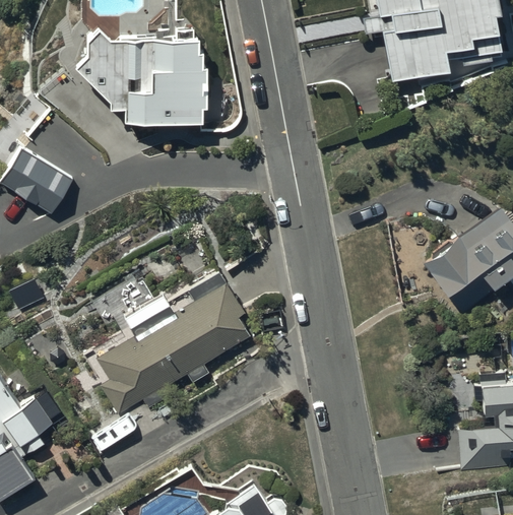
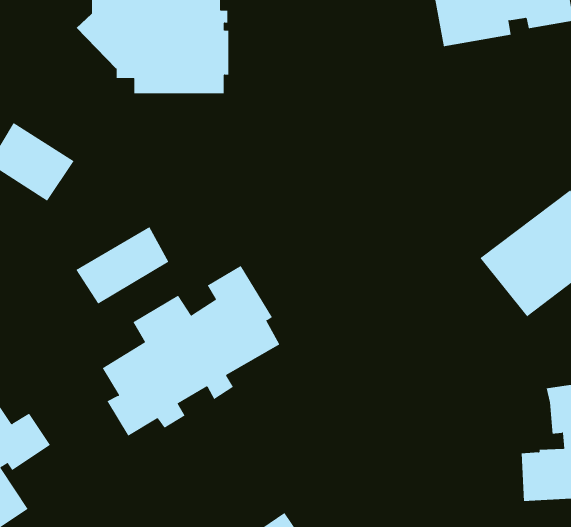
building: none -> [76,226,169,304]

